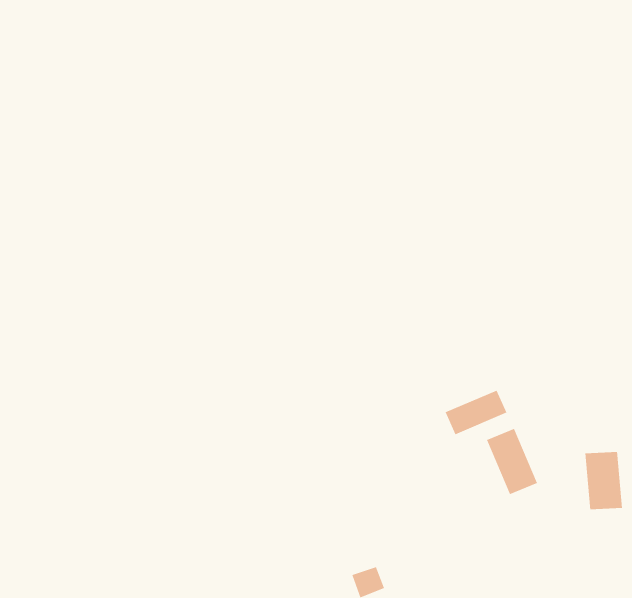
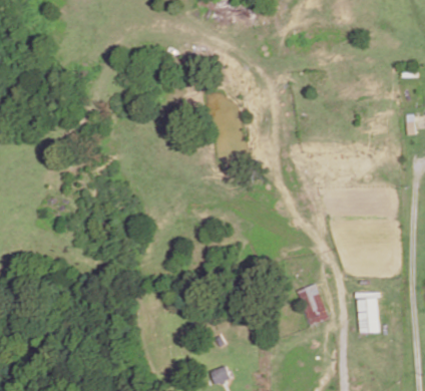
building: [445,390,507,435] -> none

